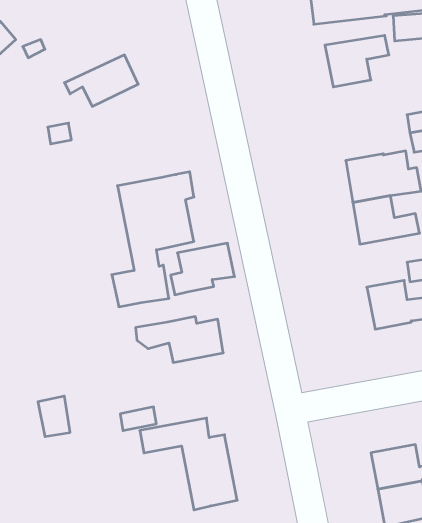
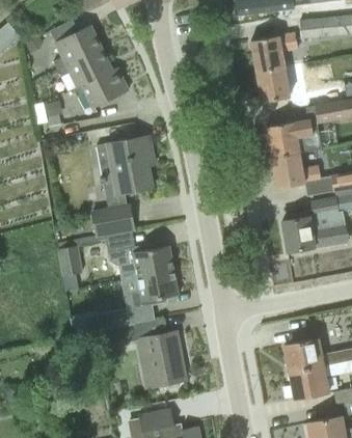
building: none -> [52,25,100,69]
building: none -> [255,66,305,103]
building: none -> [72,67,127,107]
building: [171,243,235,295] -> [131,270,179,308]
building: [38,396,70,437] -> [57,245,81,275]

